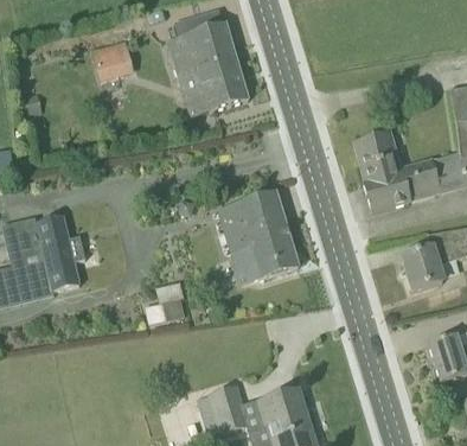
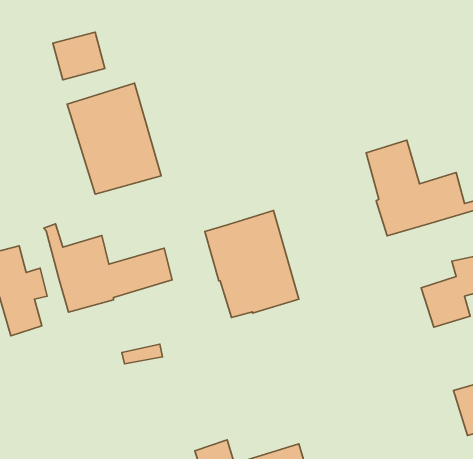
building: [168,20,248,114] -> [67,83,161,194]
building: none -> [44,224,172,312]

